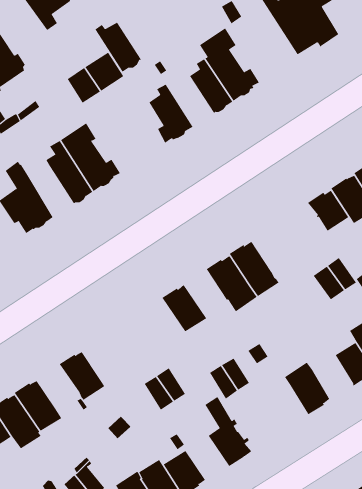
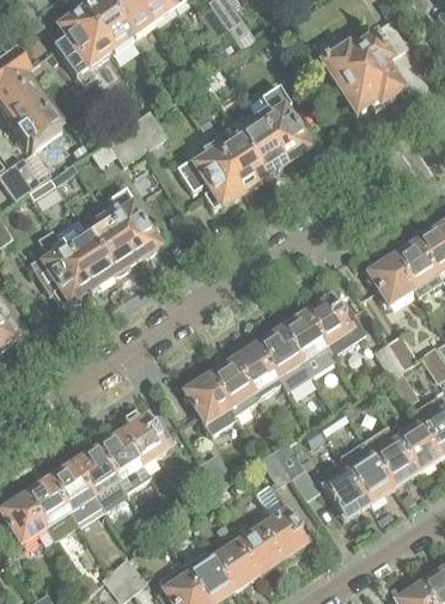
building: [94,22,142,73] -> [214,135,266,190]
building: none -> [56,218,114,288]
building: none -> [306,297,366,354]
building: none -> [233,344,284,397]
building: none -> [184,376,237,433]
building: none -> [122,416,170,464]
building: none -> [373,438,416,487]
building: none -> [73,447,120,495]
building: none -> [318,460,367,519]
building: none -> [236,525,282,575]

